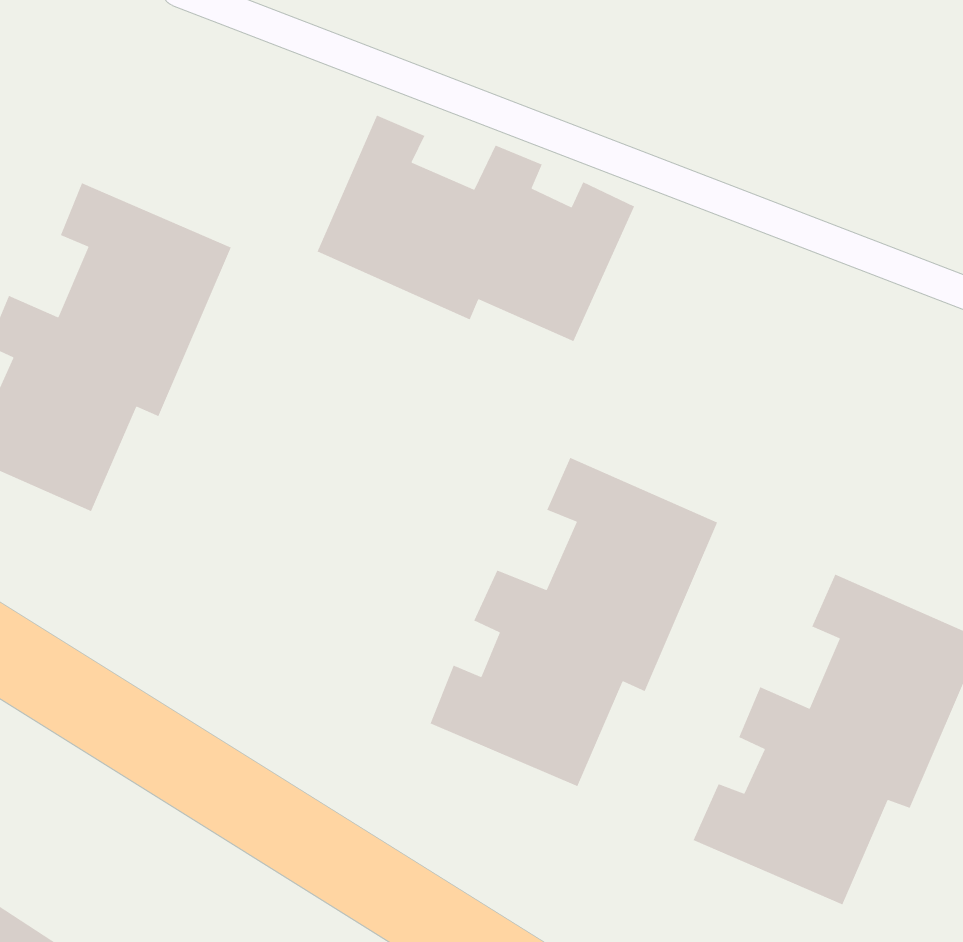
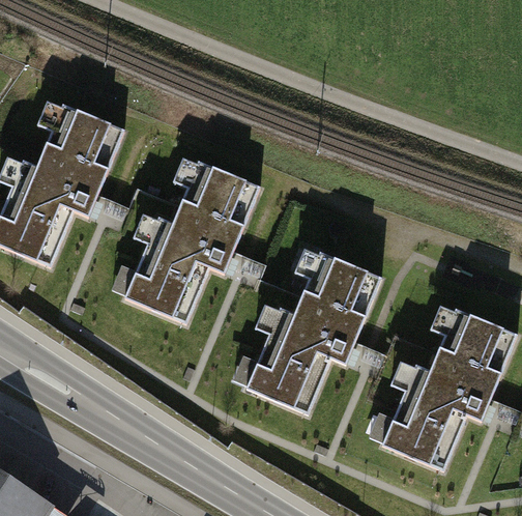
building: [317,114,635,342] -> none
building: none -> [110,152,262,326]

